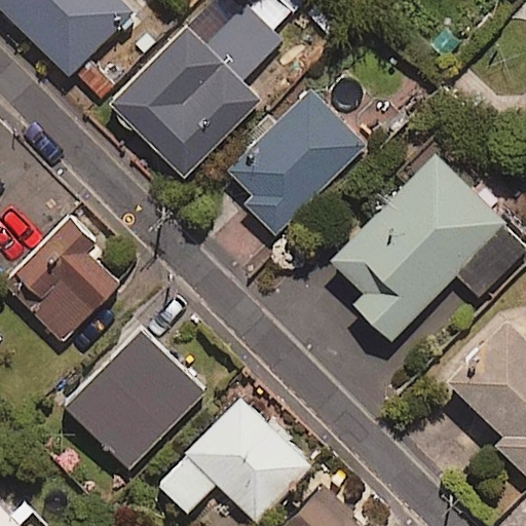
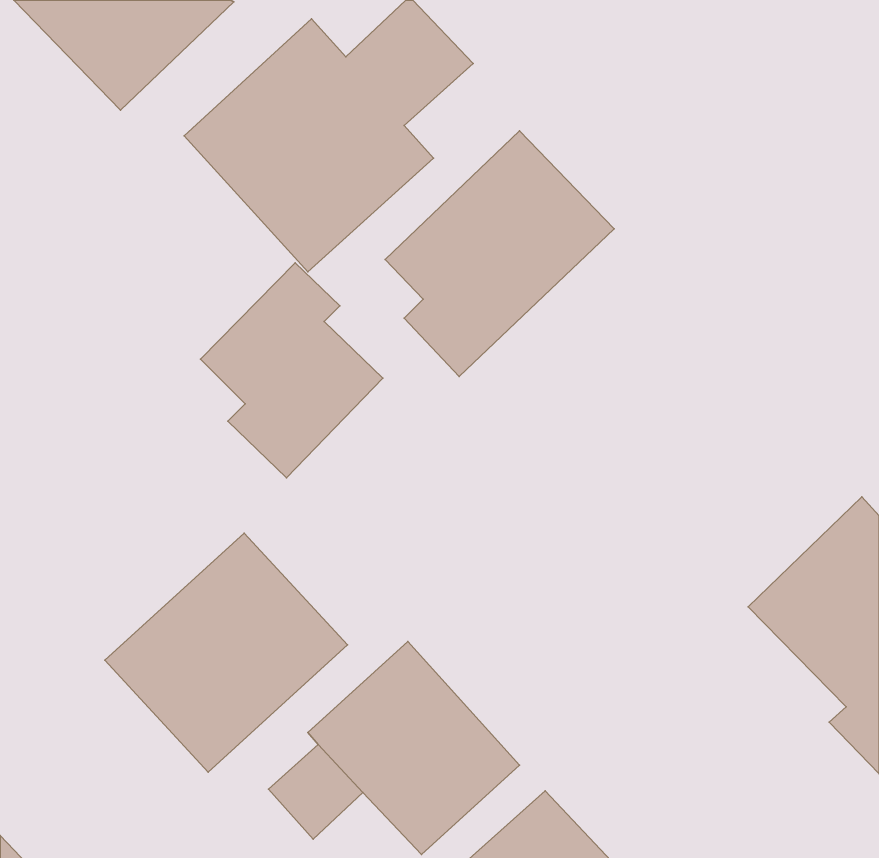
building: [333,147,511,340] -> none
building: [11,217,120,345] -> [200,263,383,478]

